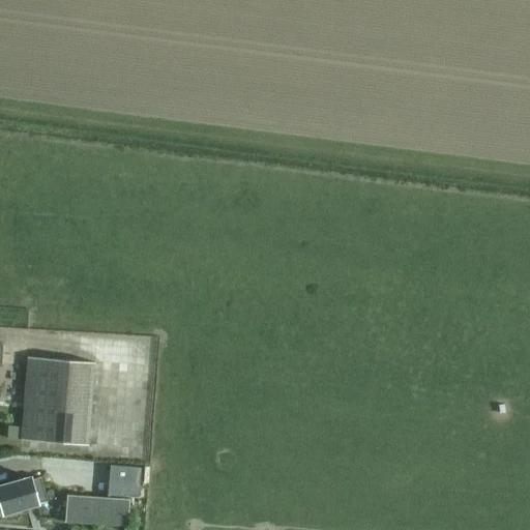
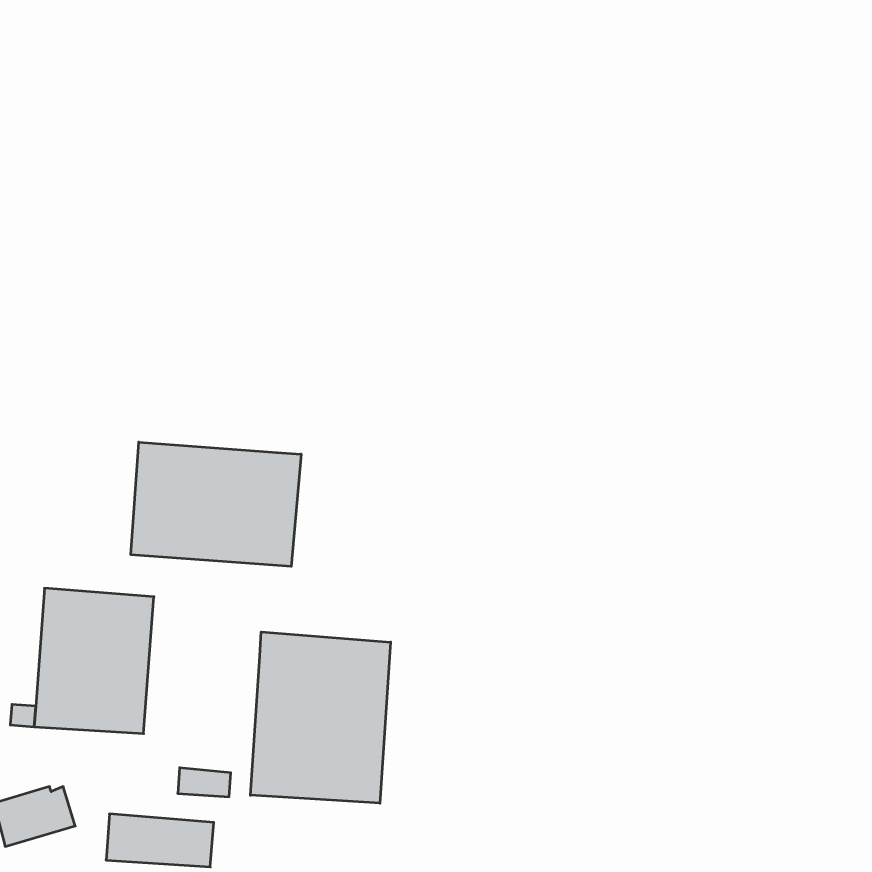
building: none -> [131,442,301,566]
building: none -> [250,632,391,803]

